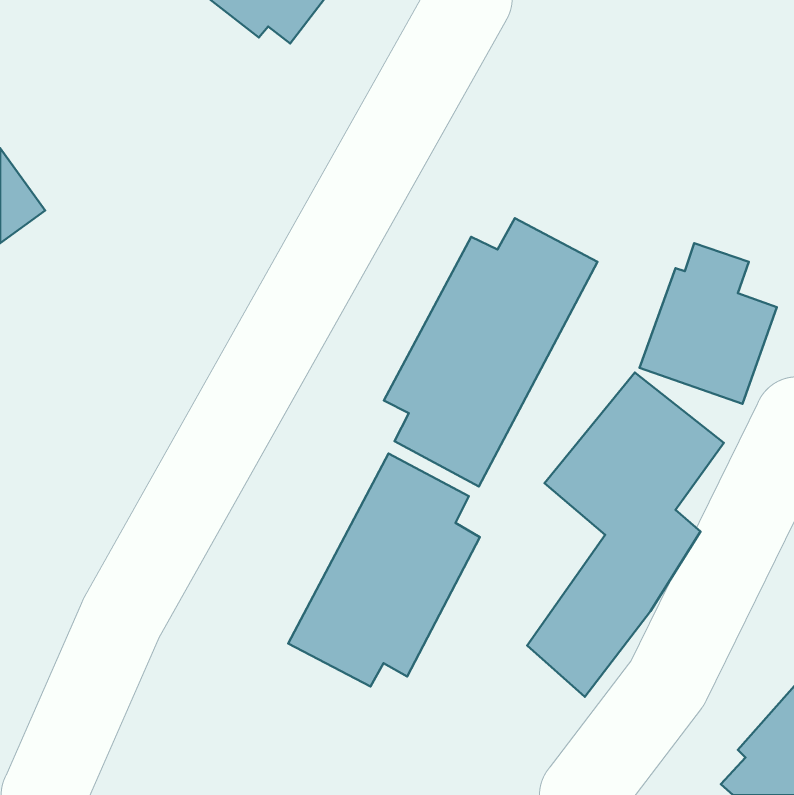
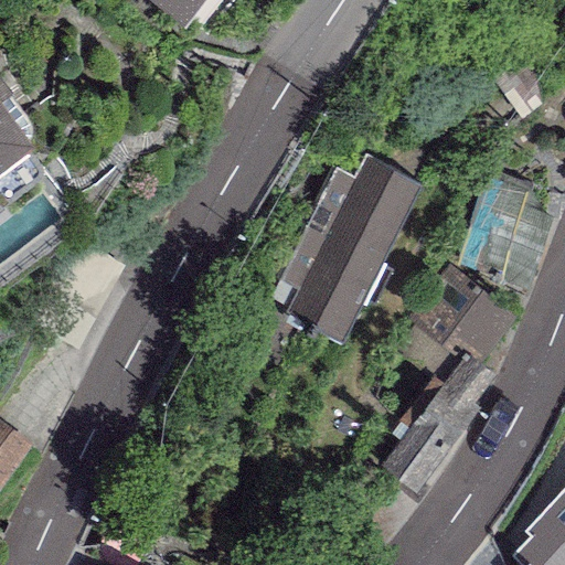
building: [288,454,480,686] -> none

